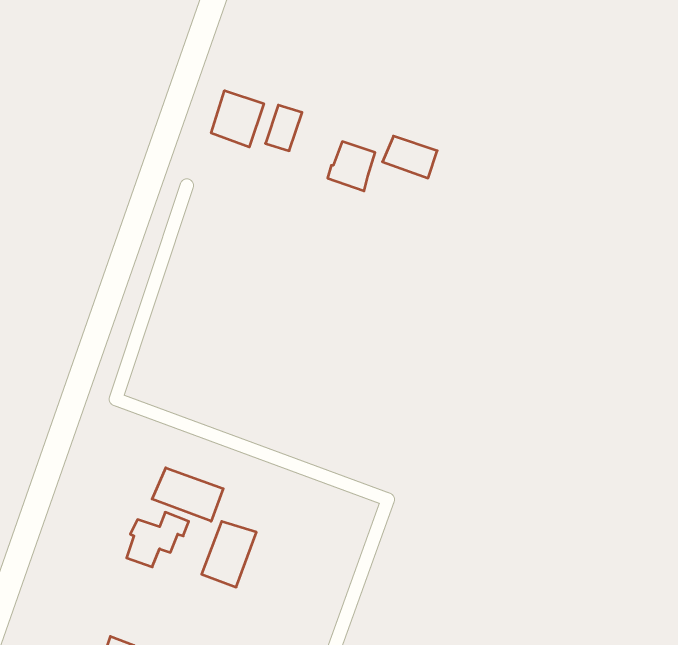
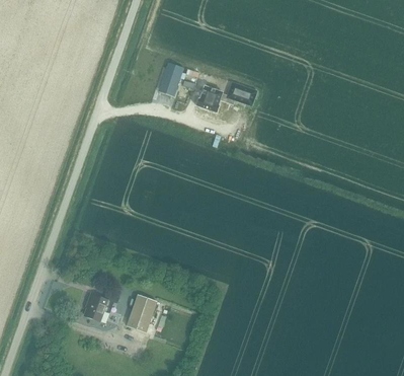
building: [211,91,264,147] -> none
building: [152,468,223,521] -> none

